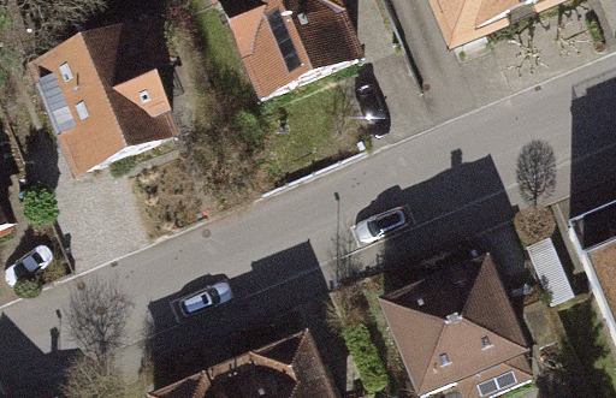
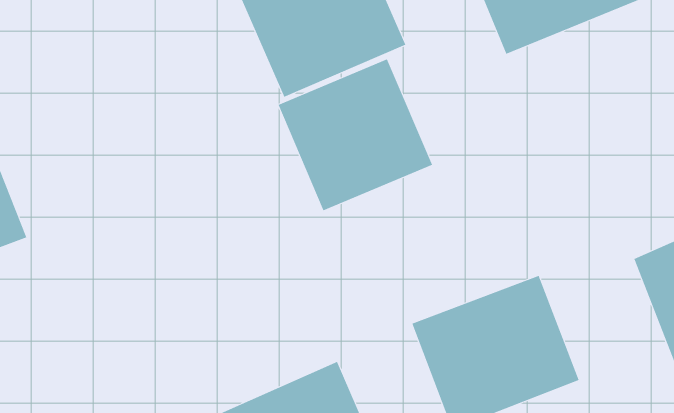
building: [18,17,184,177] -> none
building: none -> [278,58,433,211]

